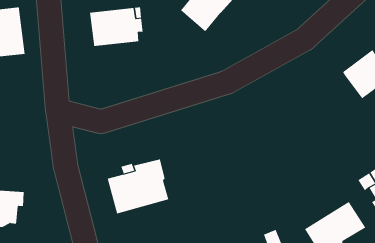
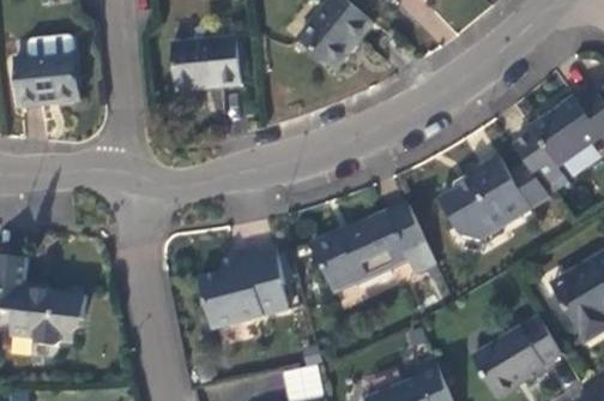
building: none -> [439,156,549,239]
building: none -> [310,207,433,286]

